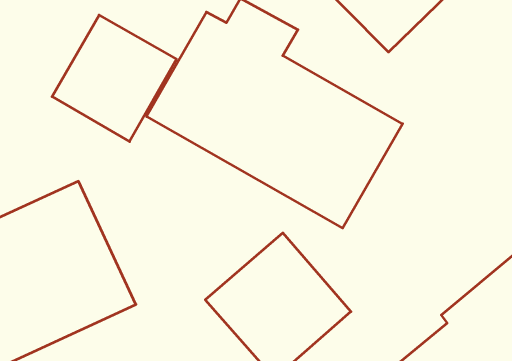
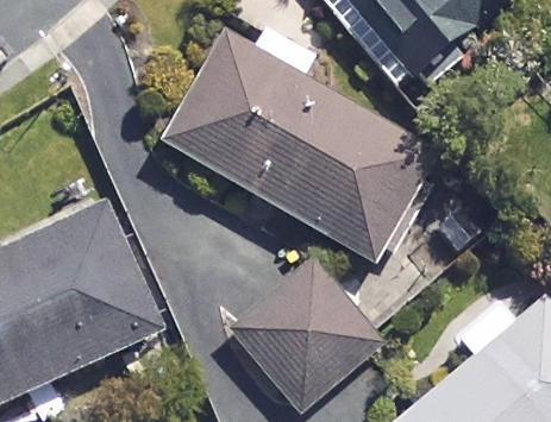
building: [52,15,176,142] -> none

